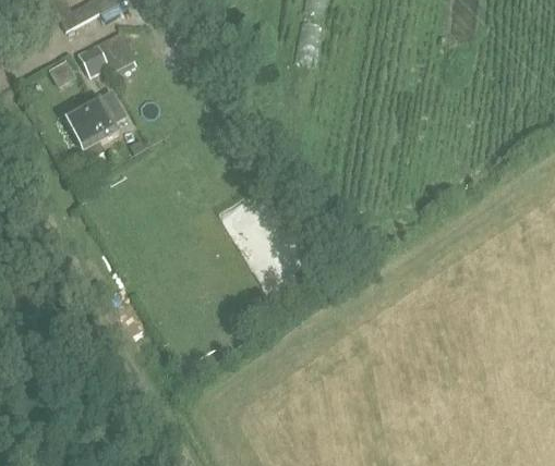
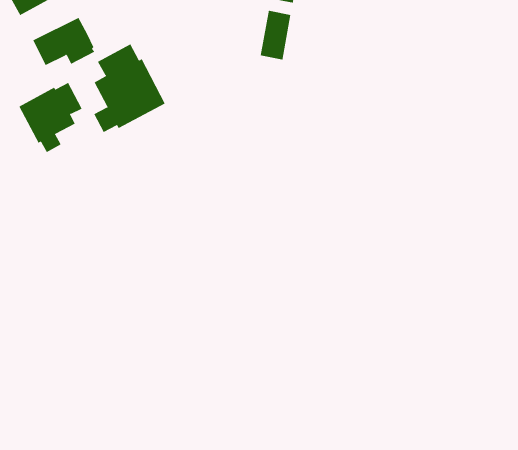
building: none -> [94,44,165,133]

